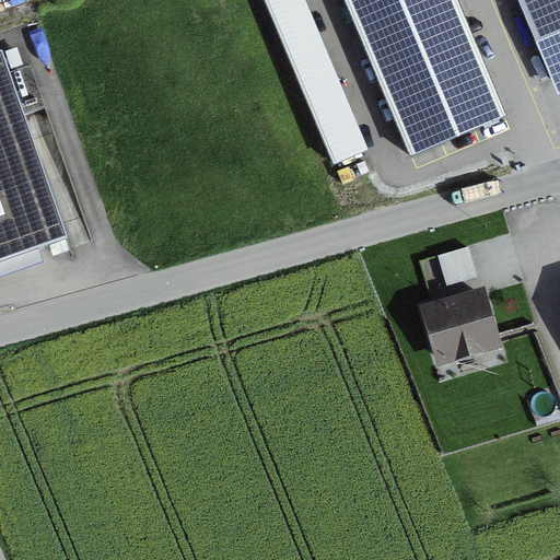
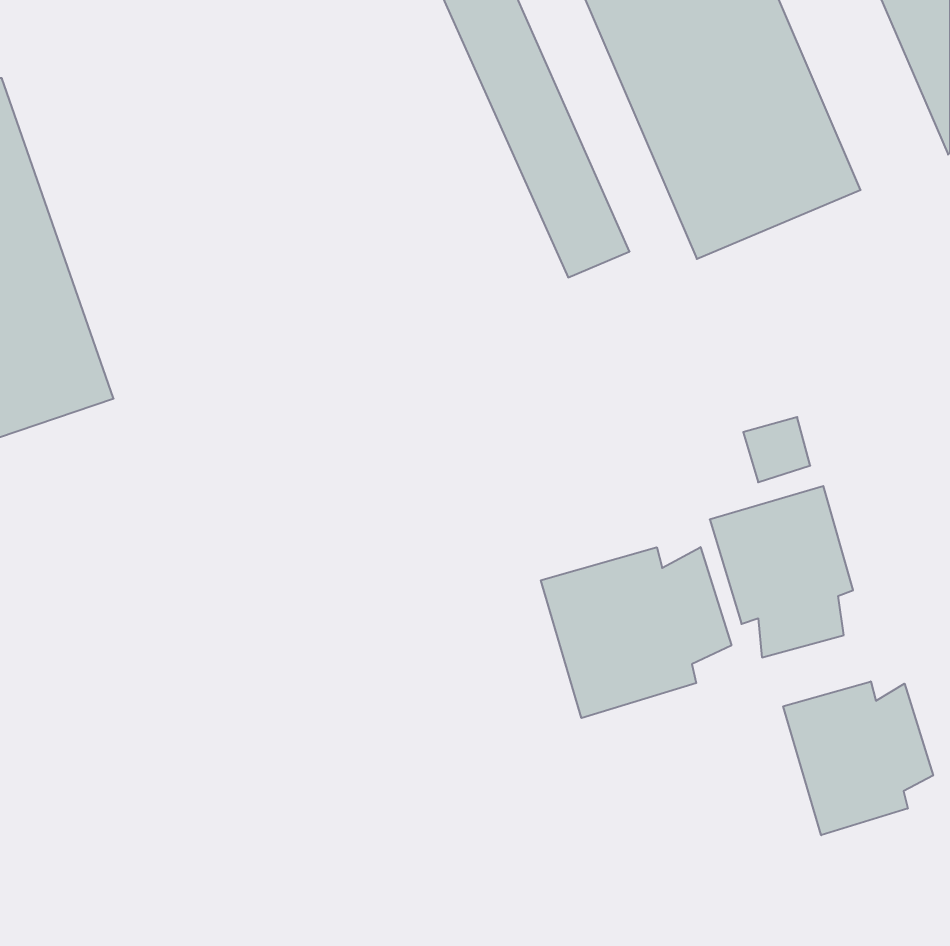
building: none -> [541,547,731,718]
building: none -> [783,681,933,835]

